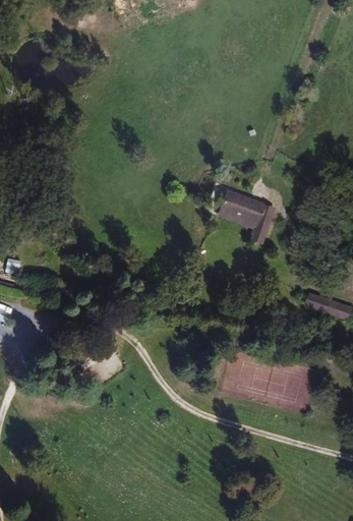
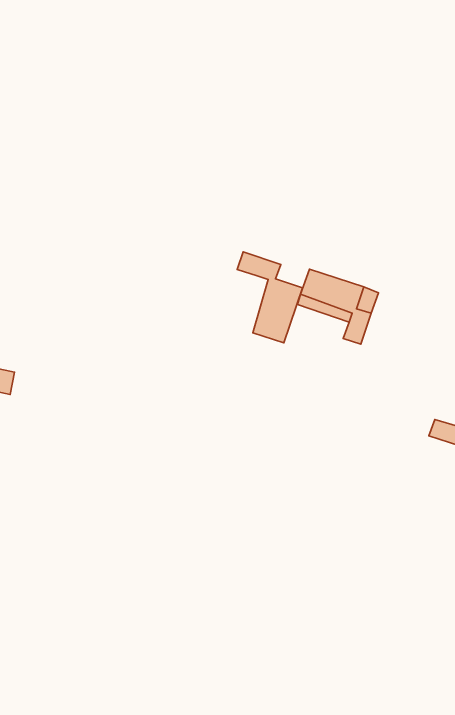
building: none -> [237,252,303,343]

